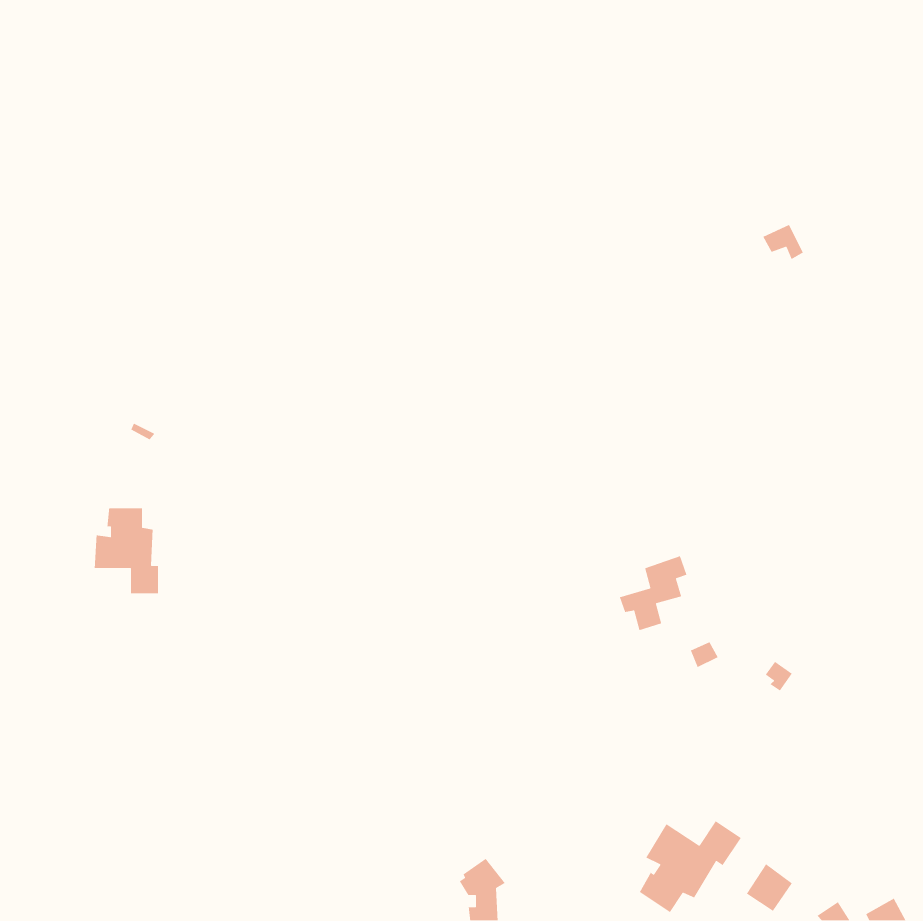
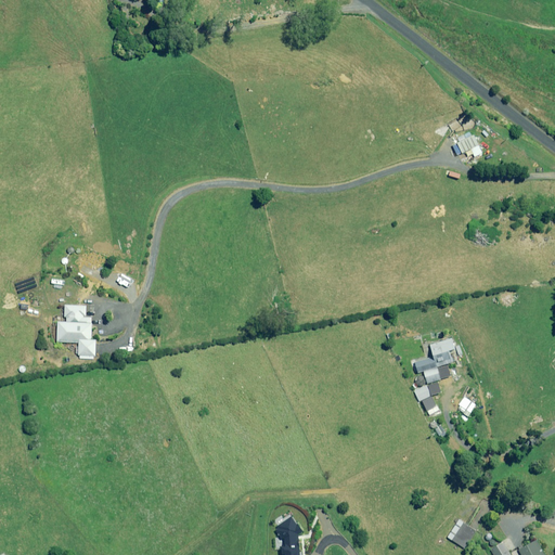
building: [619,555,688,631] -> [415,337,456,383]
building: [639,820,742,913] -> none

